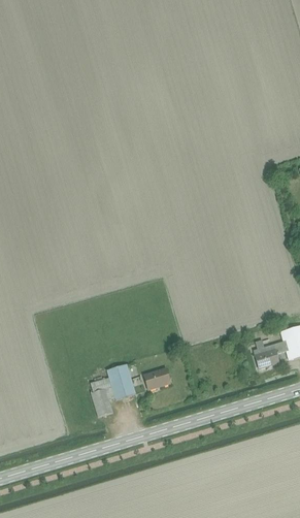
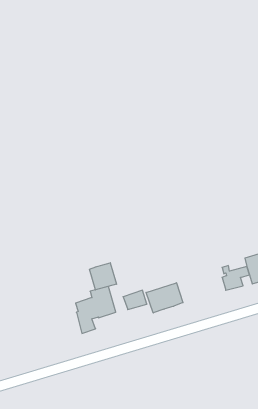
building: none -> [90,263,117,290]
building: none -> [146,283,183,313]

